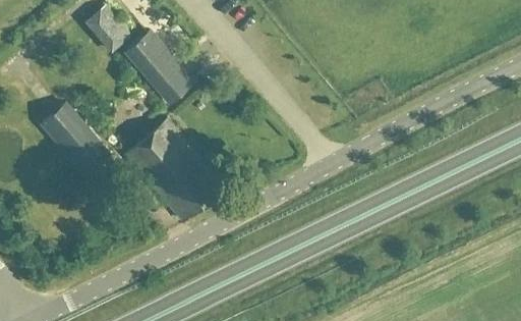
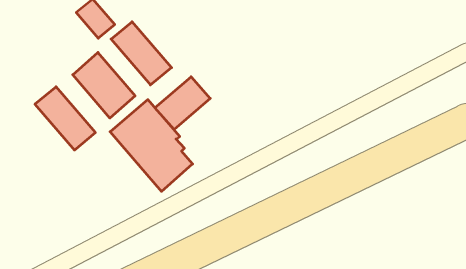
building: none -> [73,52,135,118]
building: none -> [155,77,210,129]

